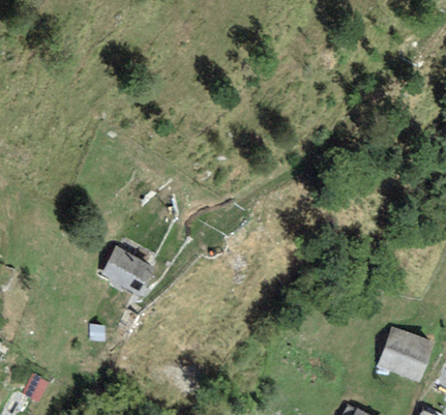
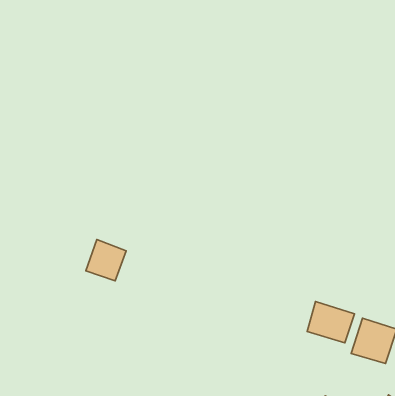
building: none -> [307,302,354,343]

